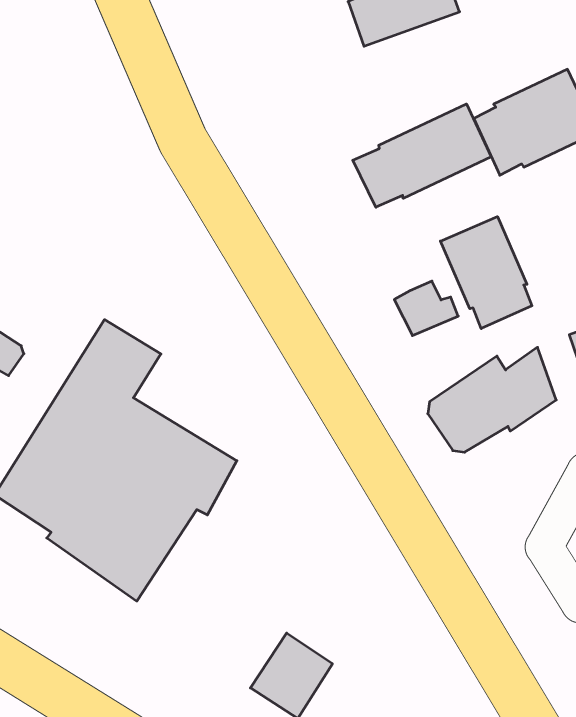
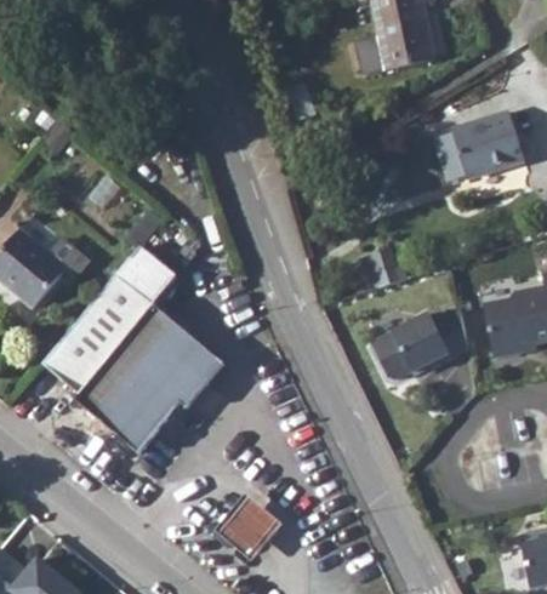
building: [353,104,491,207] -> none
building: [440,217,532,329] -> none

